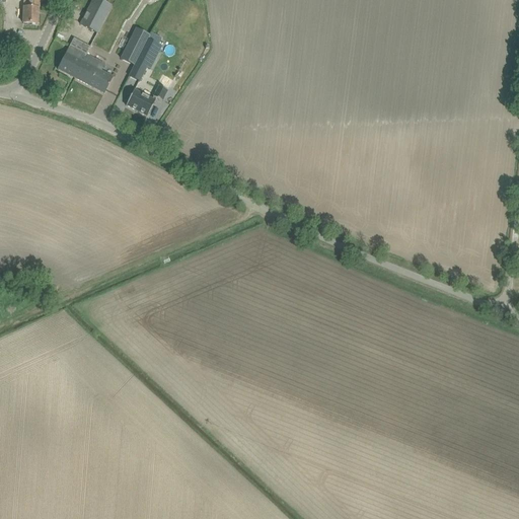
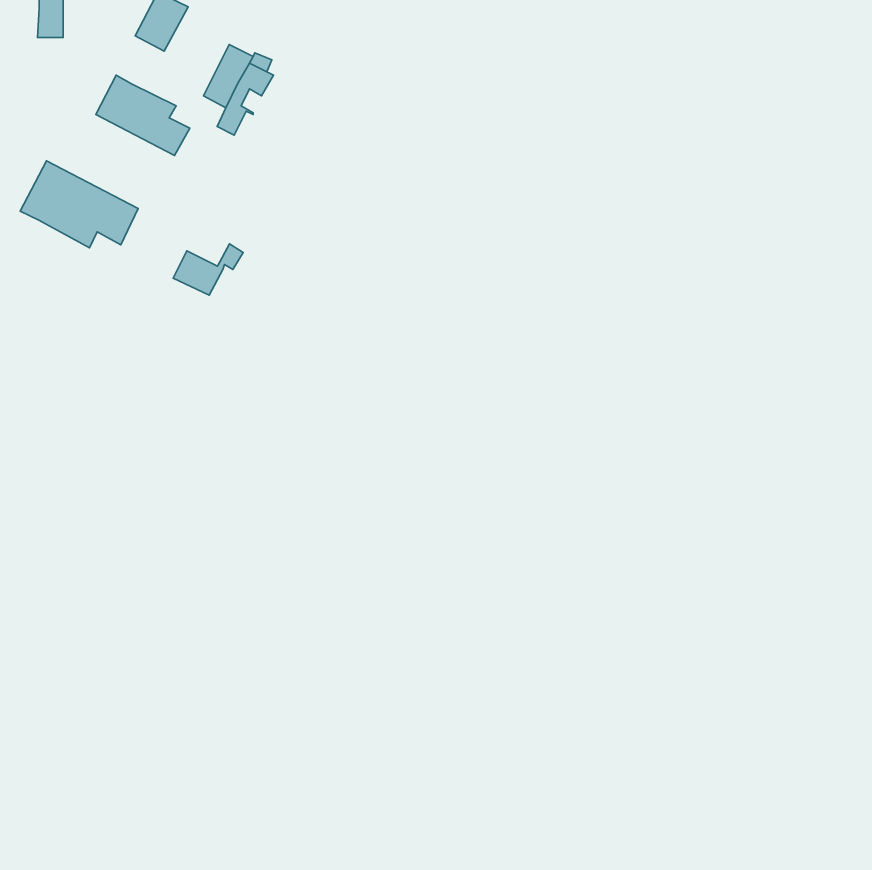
building: [127,84,168,115] -> [173,244,243,295]
building: none -> [20,161,138,248]

